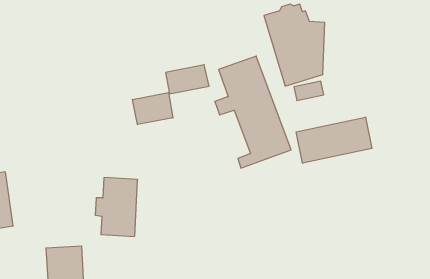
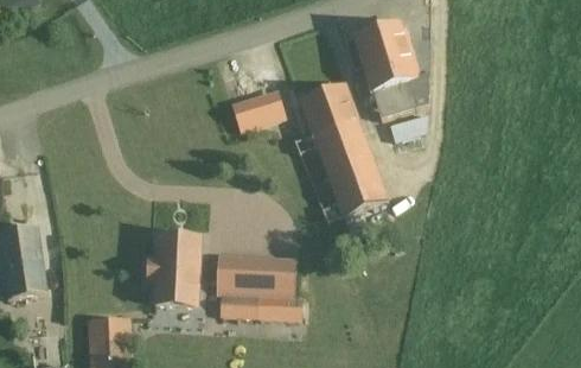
building: [132,92,173,125] -> none
building: [296,117,372,163] -> none
building: none -> [217,254,302,319]

